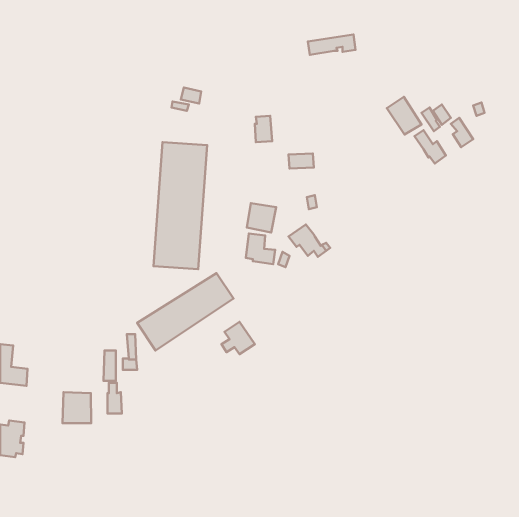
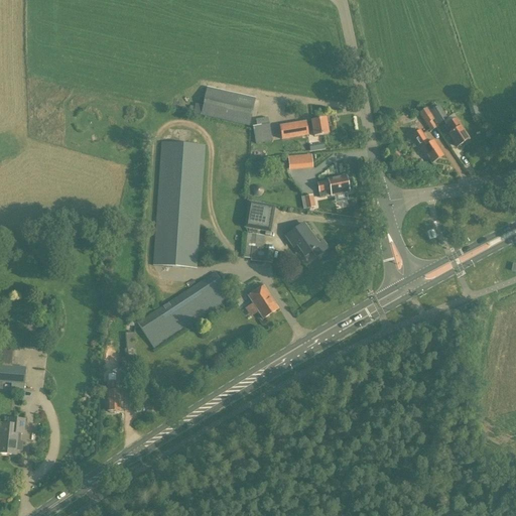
building: [308,35,356,55] -> [280,118,328,138]
building: none -> [201,86,255,125]
building: [387,97,422,135] -> none
building: none -> [317,175,349,197]
building: [221,322,255,354] -> [245,285,278,317]
building: [63,392,91,423] -> none

